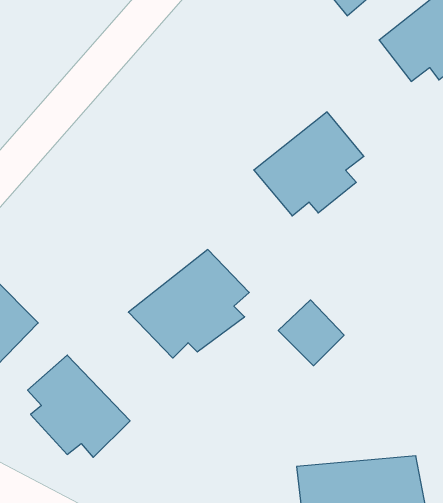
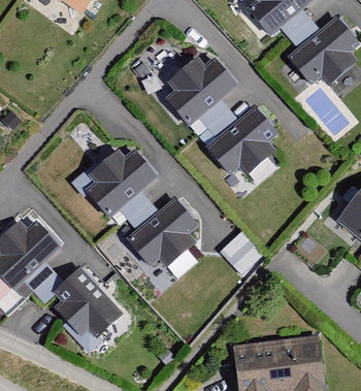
building: none -> [162,57,236,126]
building: none -> [74,142,156,217]

